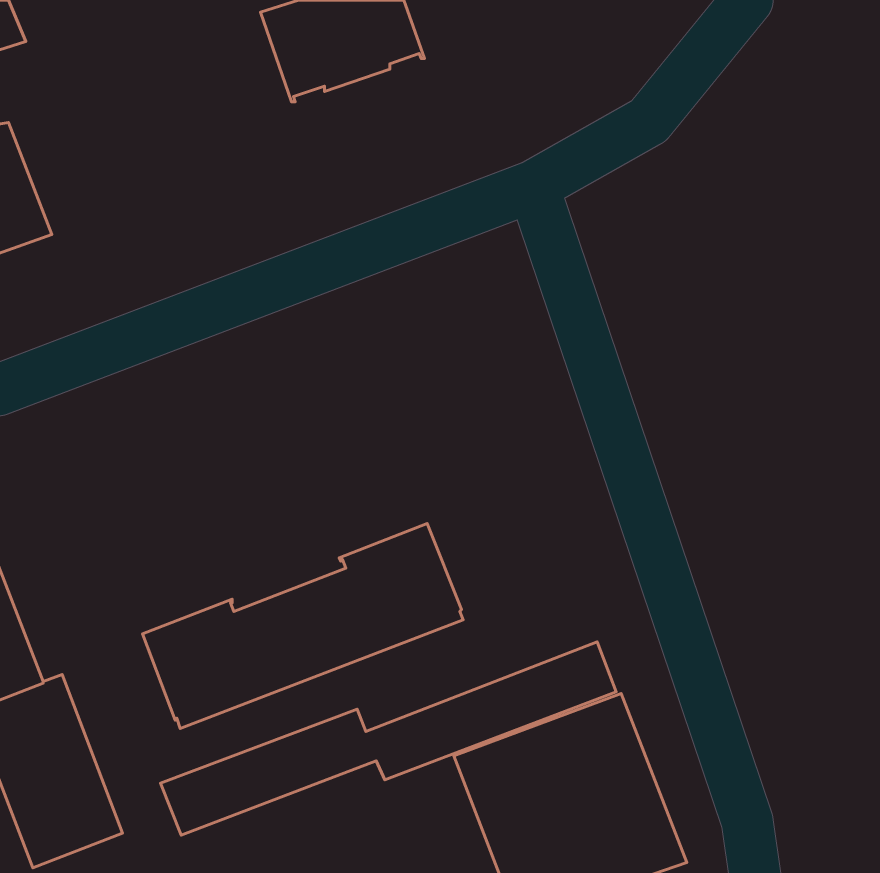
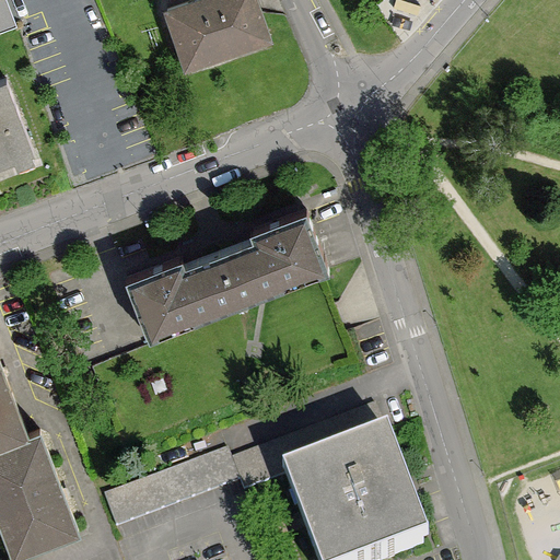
building: [142,523,463,729] -> [125,212,328,342]

